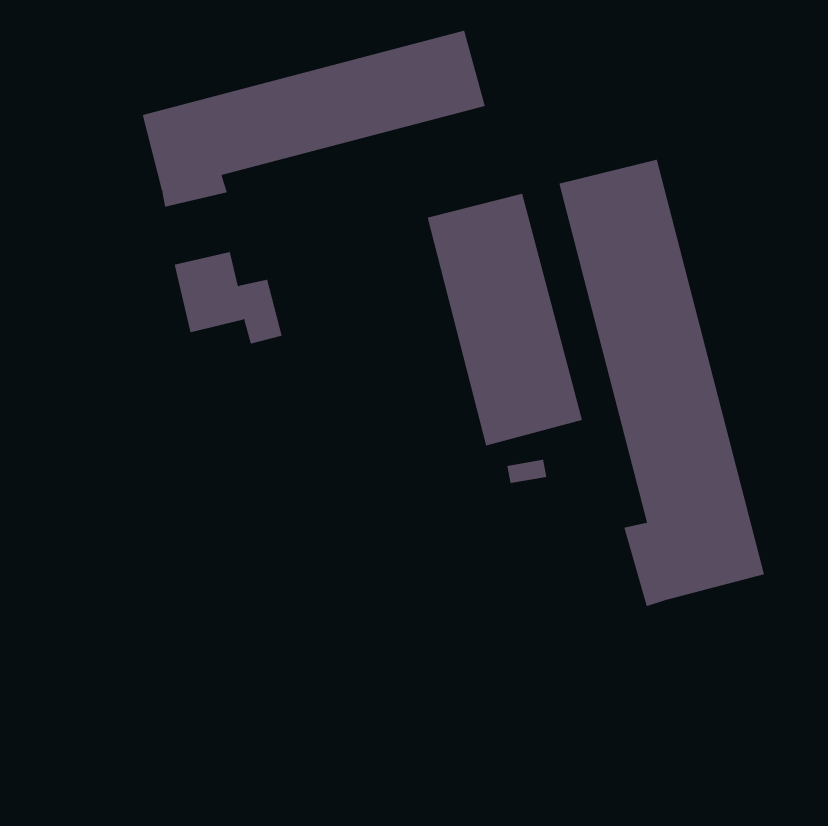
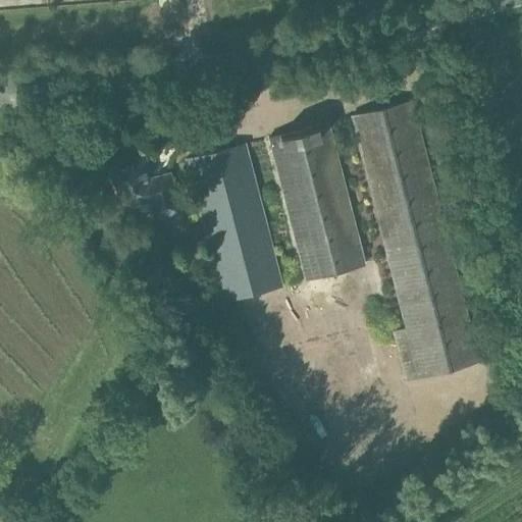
building: [142,30,485,208] -> none
building: none -> [187,145,284,304]

